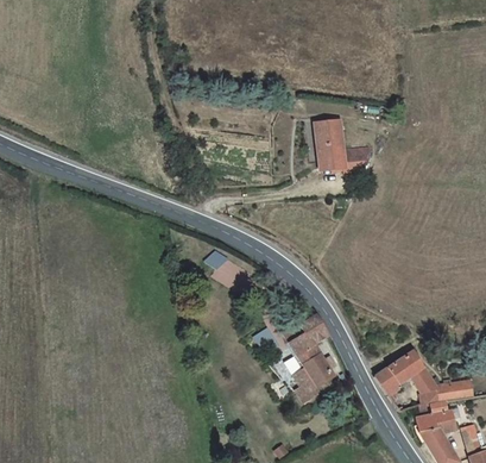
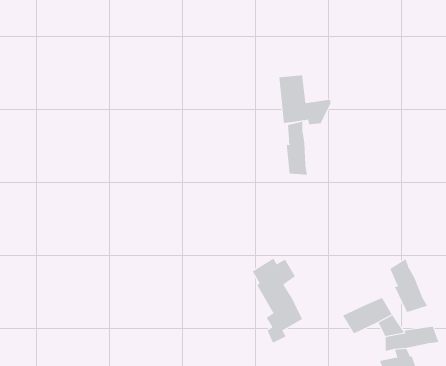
building: none -> [286,121,307,176]
building: none -> [389,258,428,313]

